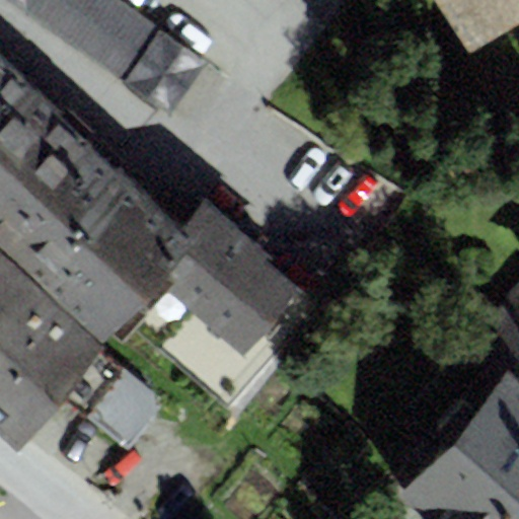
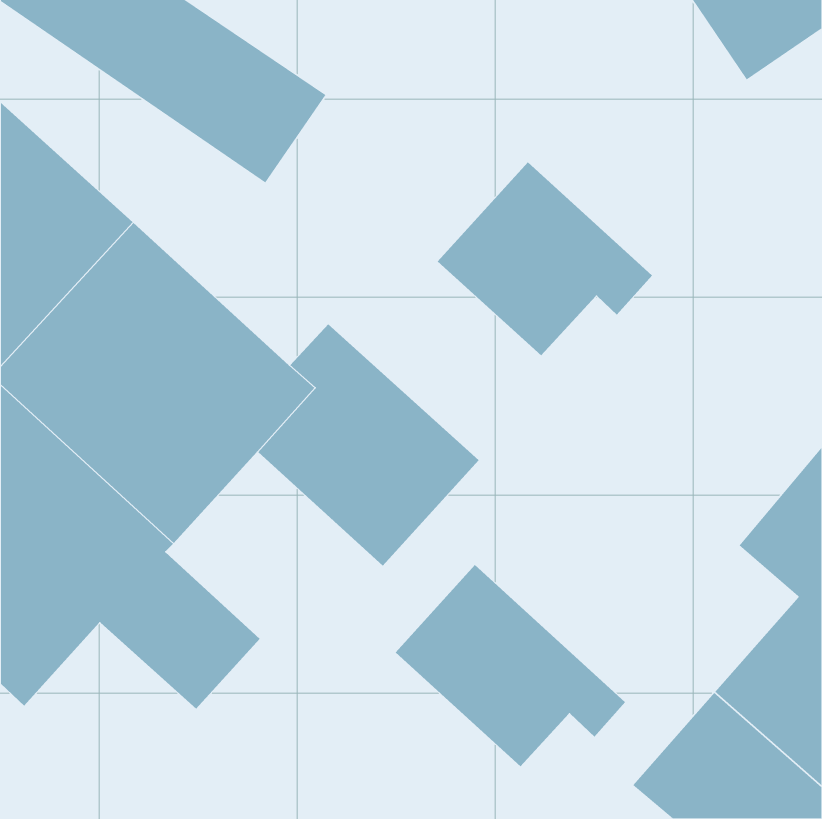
building: none -> [437,161,653,356]
building: none -> [395,564,626,767]

